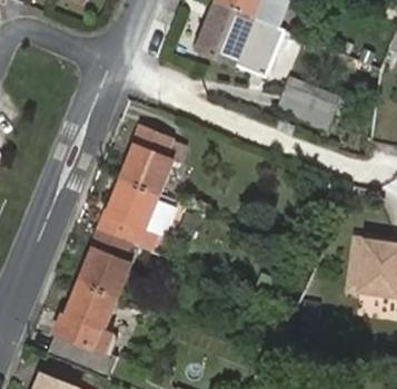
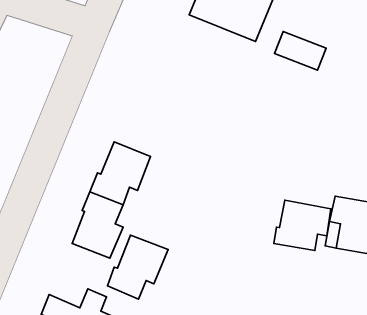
building: [123,126,173,192] -> none
building: none -> [274,200,331,251]
building: [58,280,119,344] -> [107,235,168,299]

